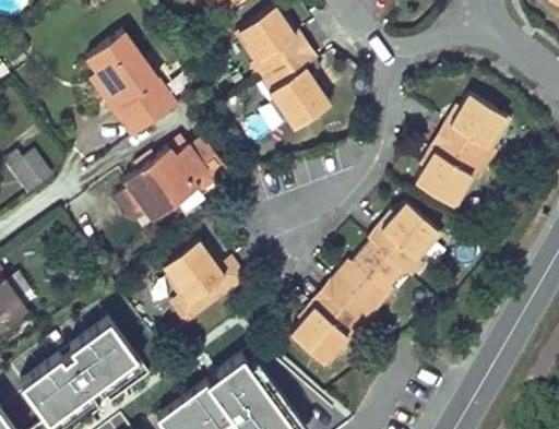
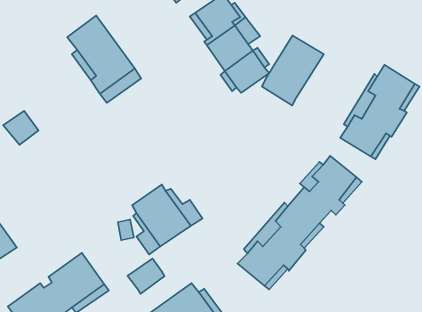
building: none -> [262,35,324,105]
building: [118,140,224,223] -> none
building: none -> [128,259,165,294]

